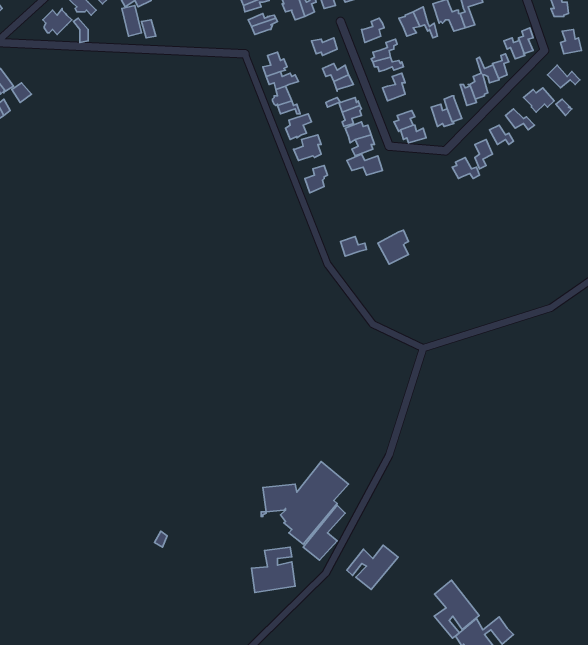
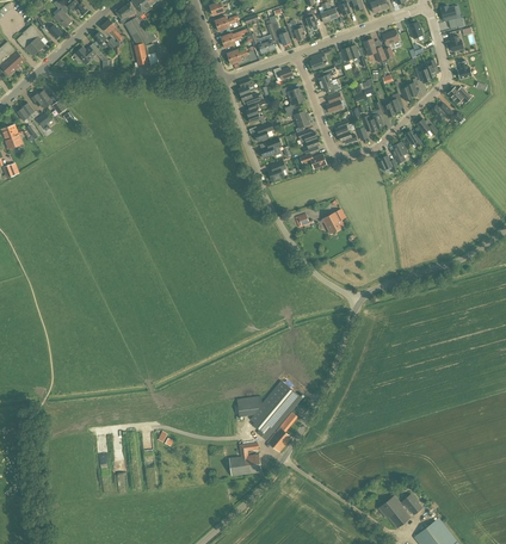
building: [347,545,398,590] -> none
building: [434,580,479,638] -> none

